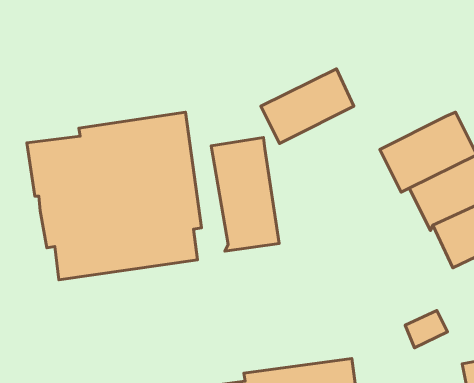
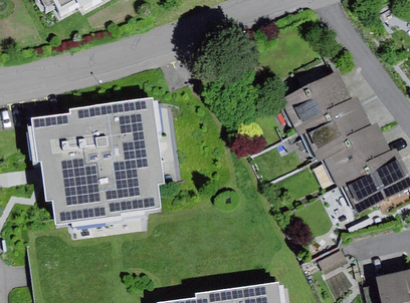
building: [261,69,354,143] -> [279,71,350,127]
building: [211,138,279,251] -> none

